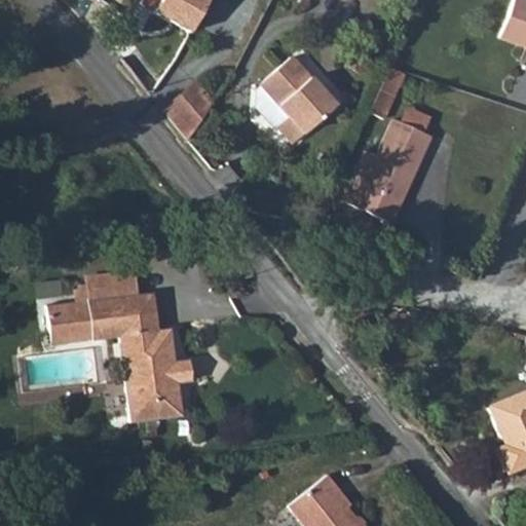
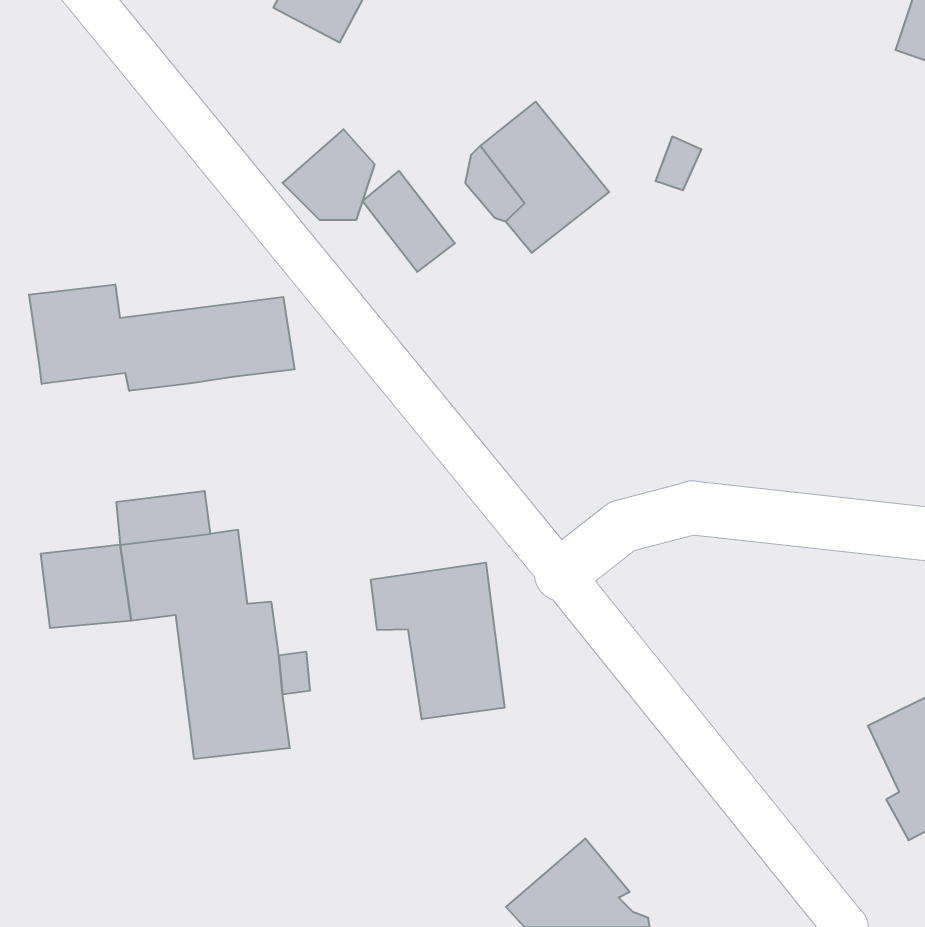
building: none -> [363,171,455,272]
building: [346,111,437,215] -> none
building: none -> [29,284,295,391]
building: none -> [371,563,505,719]

